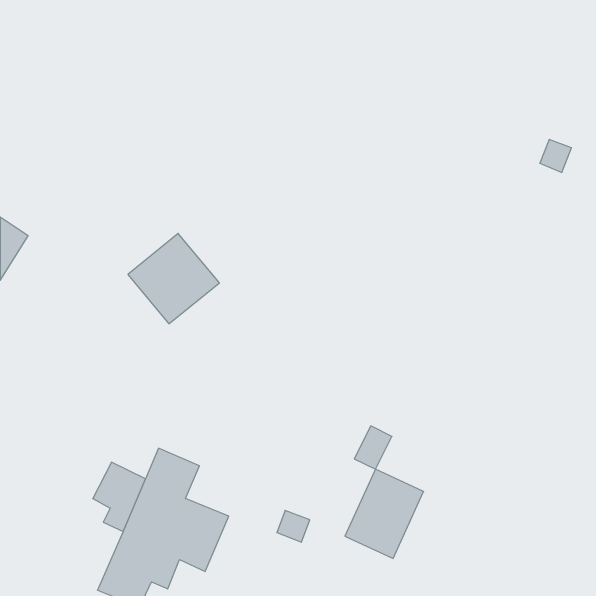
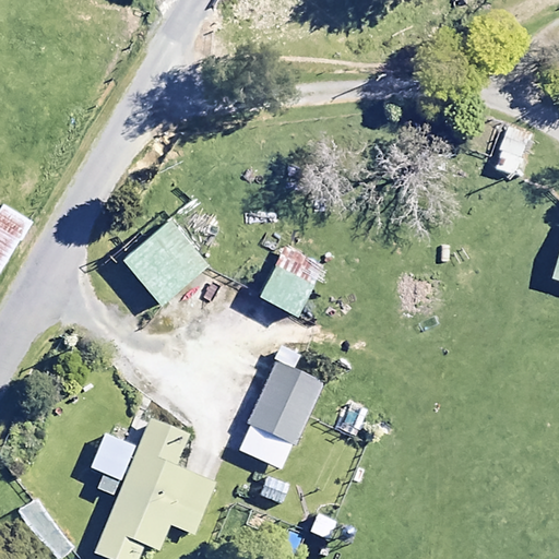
building: none -> [258,243,324,316]
building: [345,469,424,558] -> [248,361,321,444]

